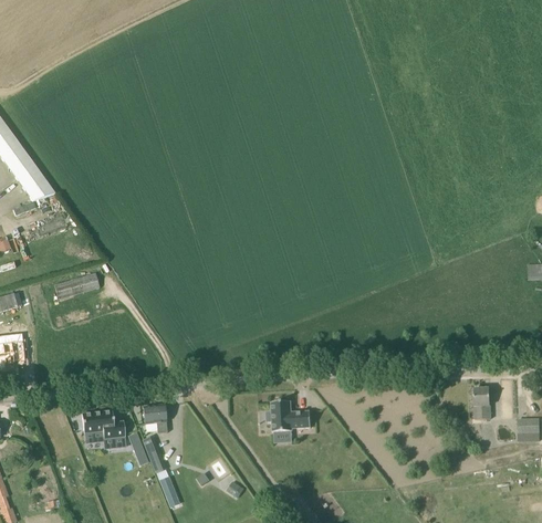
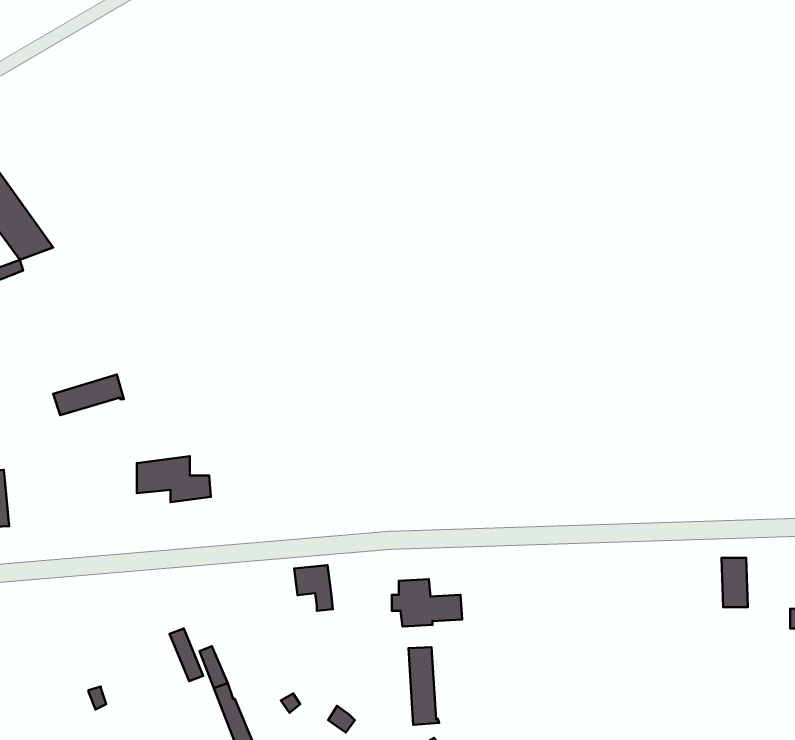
building: [144,405,168,433] -> [294,565,333,611]
building: [73,410,119,439] -> [137,456,211,502]
building: none -> [409,647,439,725]

